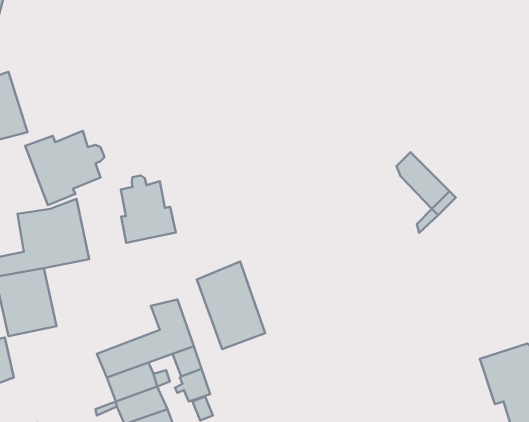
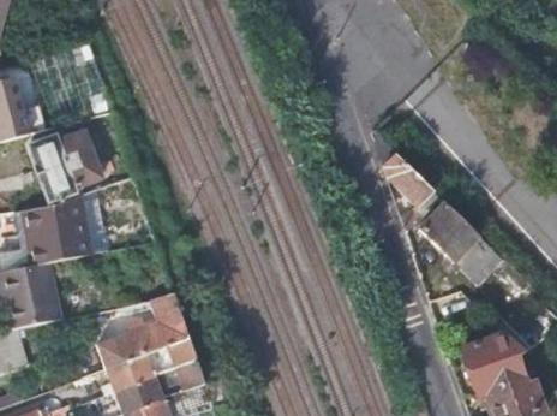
building: [121,175,176,243] -> none
building: none -> [418,200,502,277]
building: [197,261,265,349] -> none

